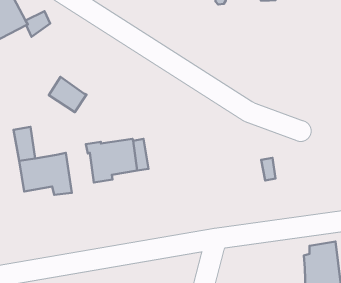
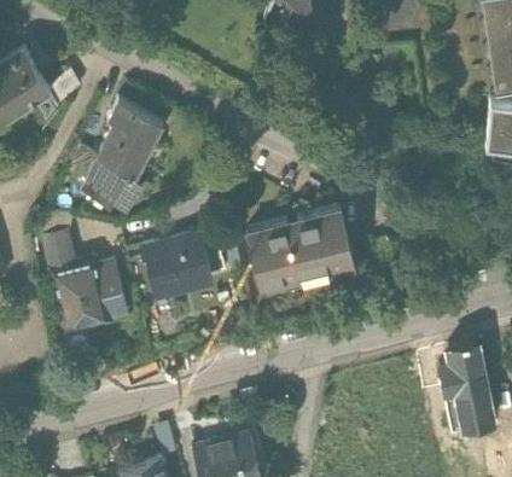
building: none -> [98,104,163,179]
building: none -> [248,211,353,290]

